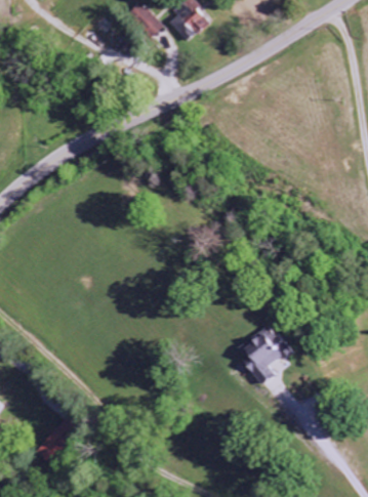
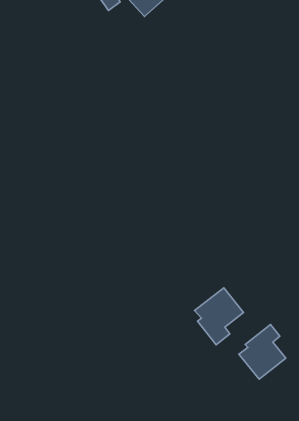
building: none -> [239,324,286,379]

